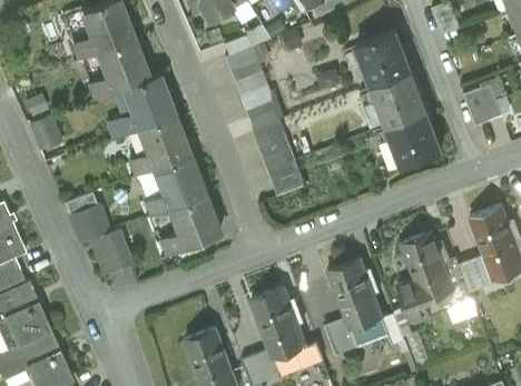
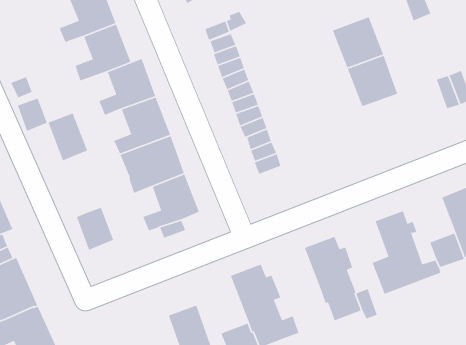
building: [387,112,440,168] -> none
building: [65,192,107,244] -> [47,112,88,162]
building: [324,318,358,356] -> none

